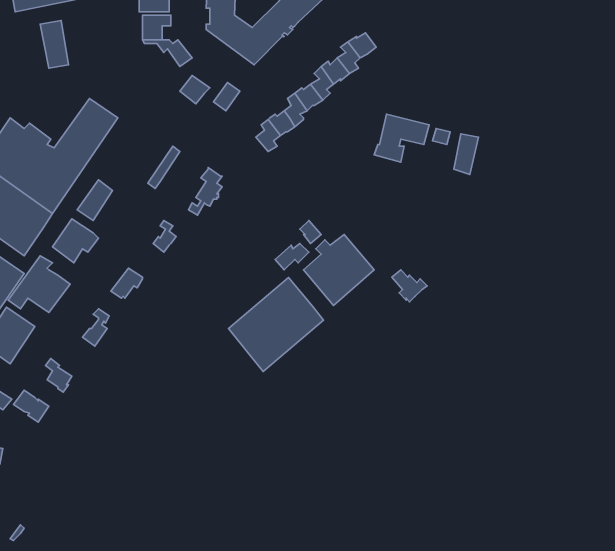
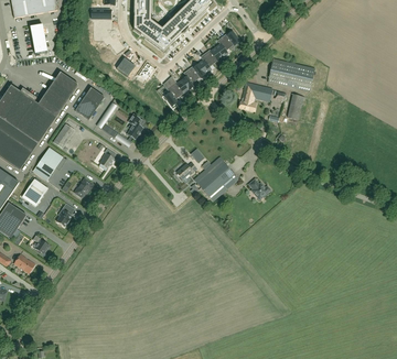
building: none -> [268,57,314,90]
building: none -> [75,87,105,119]
building: [229,277,323,371] -> none

